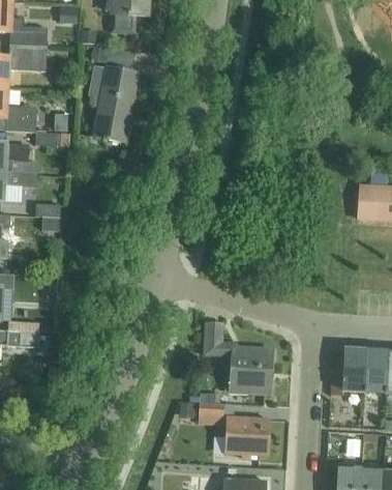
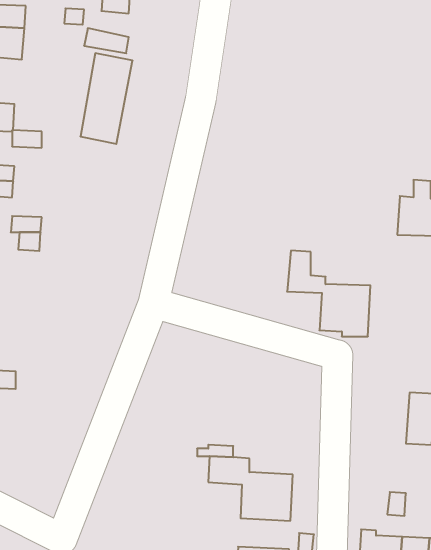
building: [204,320,273,392] -> [287,251,370,336]
building: [331,348,367,395] -> none

